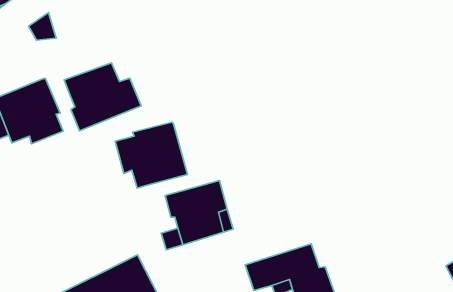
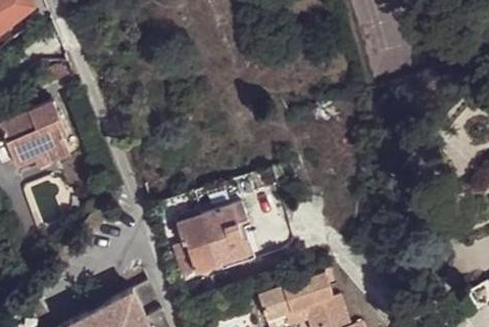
building: [64,63,141,131] -> none
building: [115,122,187,188] -> none

